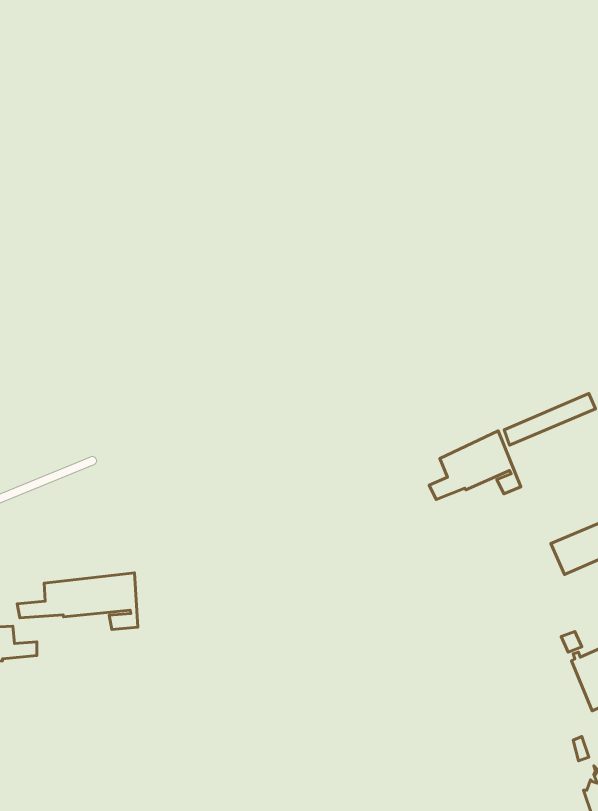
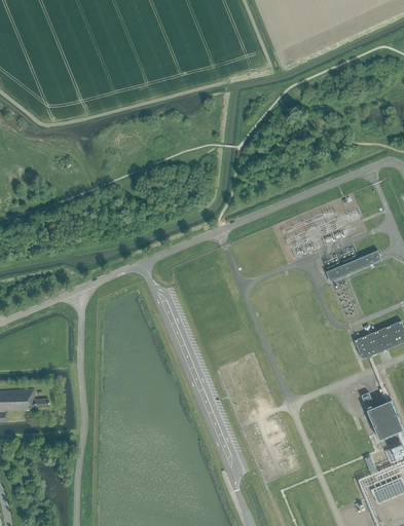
building: [429,431,521,499] -> none
building: [17,573,138,629] -> none

